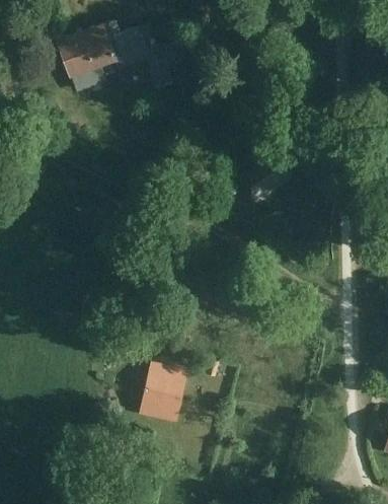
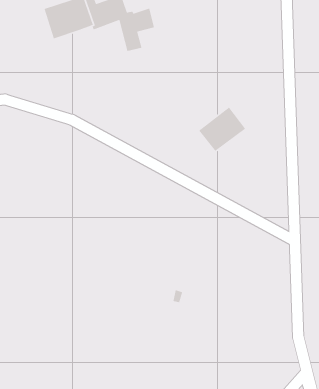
building: [72,64,106,92] -> none
building: [141,363,186,419] -> none

